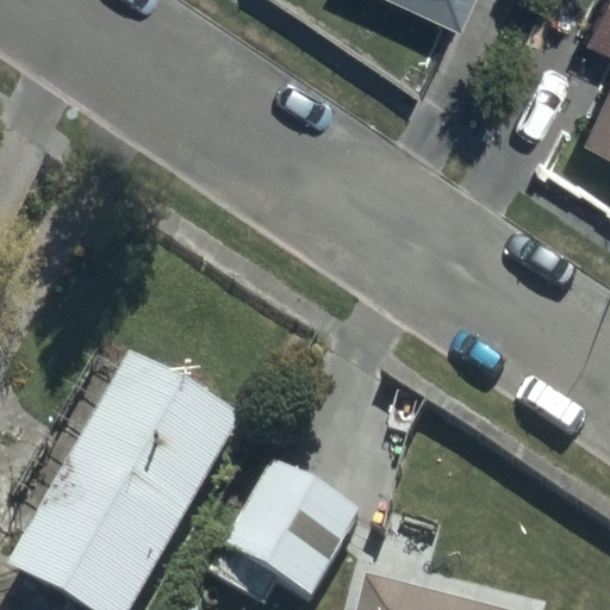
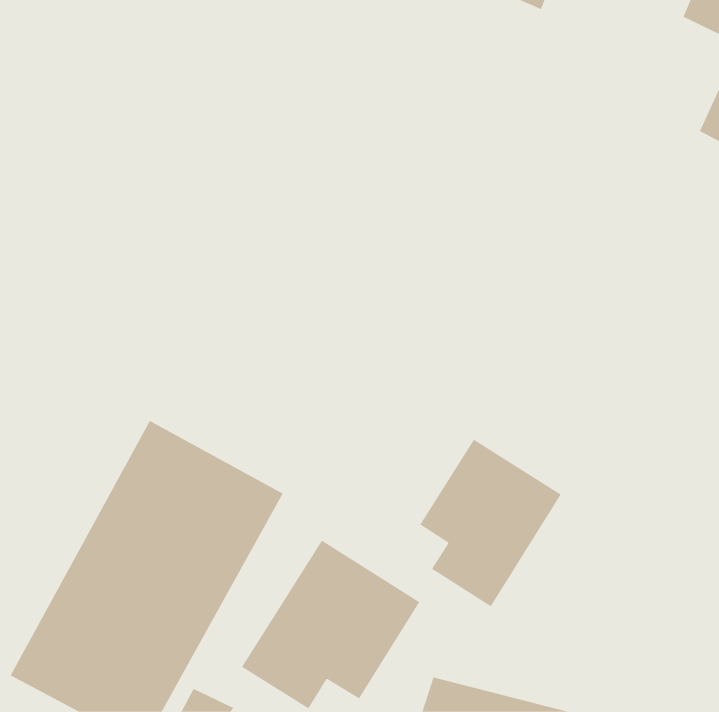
building: none -> [419,439,561,607]

